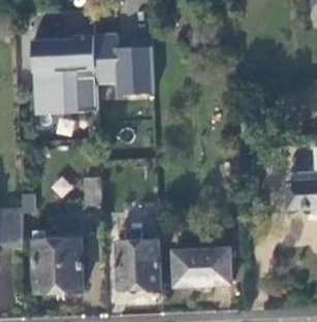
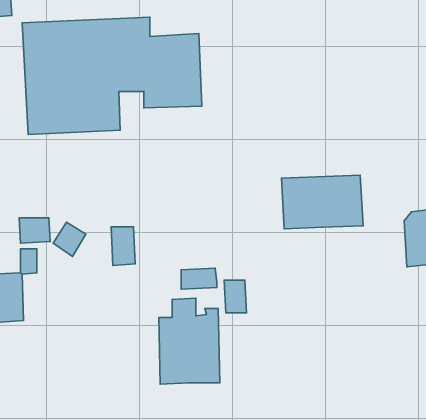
building: [30,230,81,292] -> none
building: [176,248,232,285] -> [281,175,363,229]

